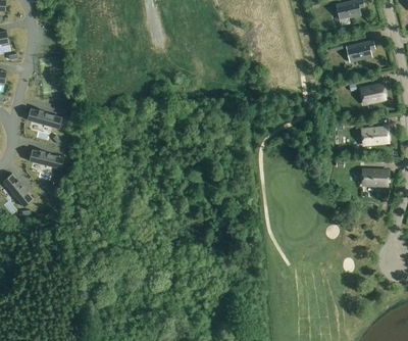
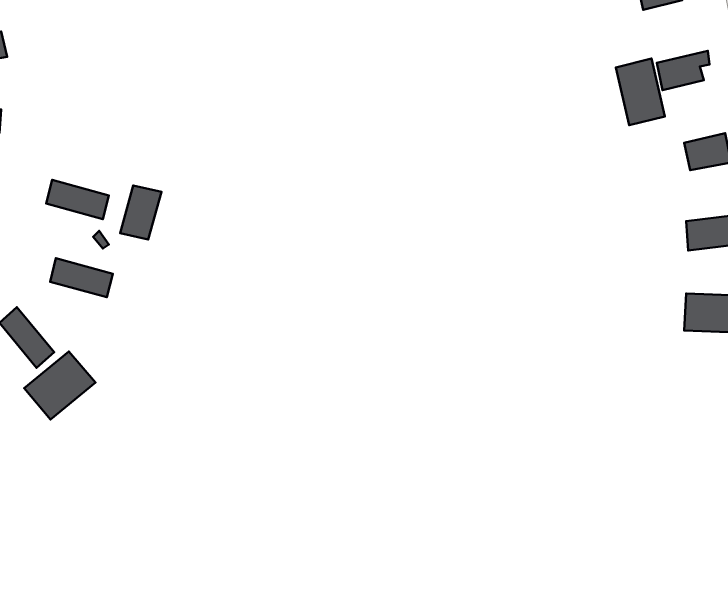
building: none -> [616,59,665,125]
building: none -> [120,186,161,239]
building: none -> [24,351,95,419]

